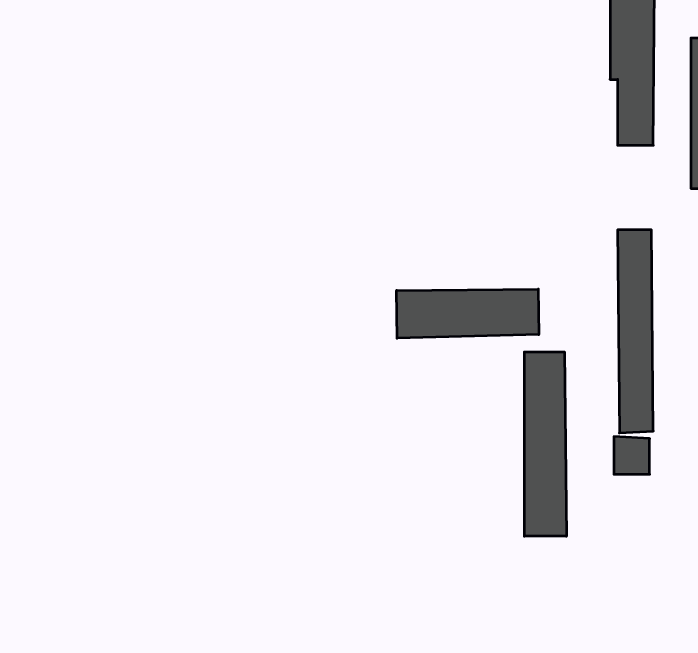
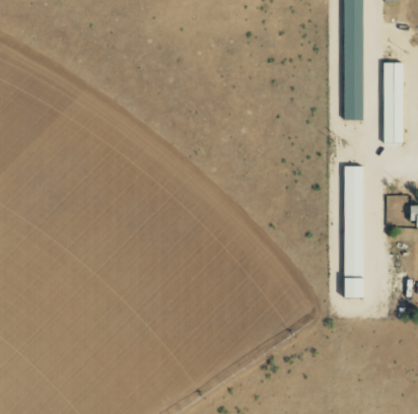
building: [397,289,539,338] -> none
building: [524,352,566,536] -> none

